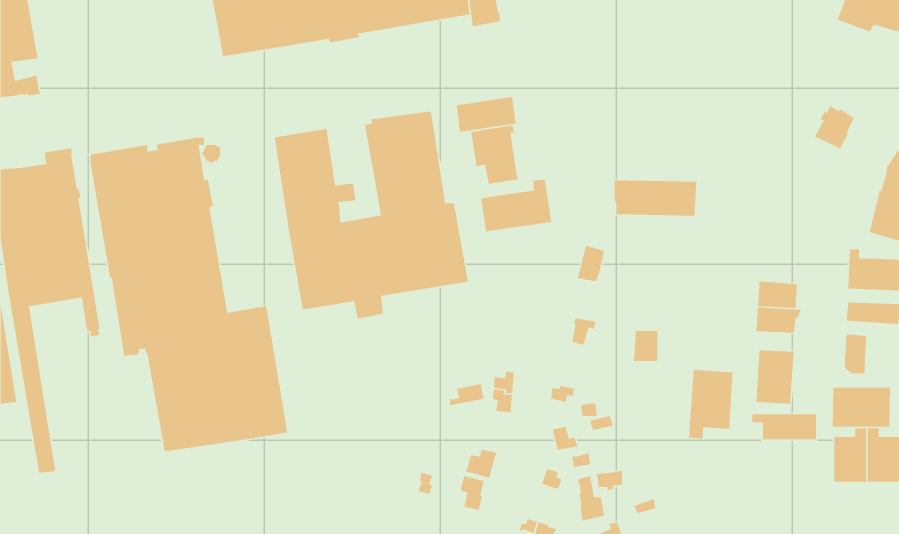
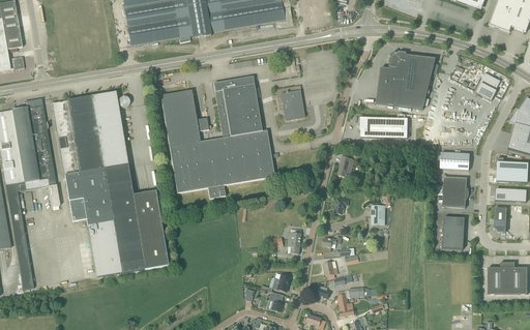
building: none -> [376,50,436,108]
building: [456,96,516,133] -> none
building: [480,179,552,232] -> none
building: none -> [440,151,470,169]
building: [688,369,734,439] -> none
building: [832,387,891,427] -> none
building: [752,413,817,440] -> none

